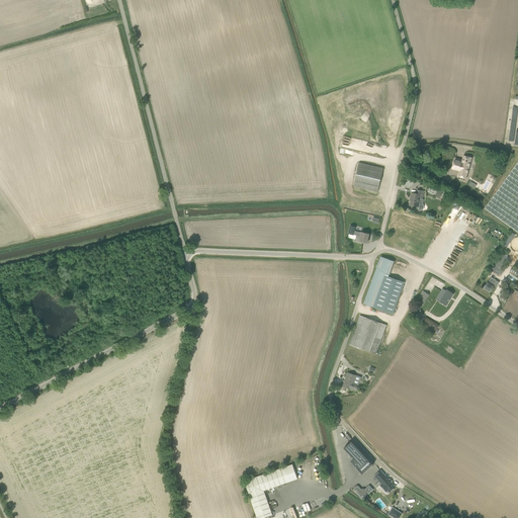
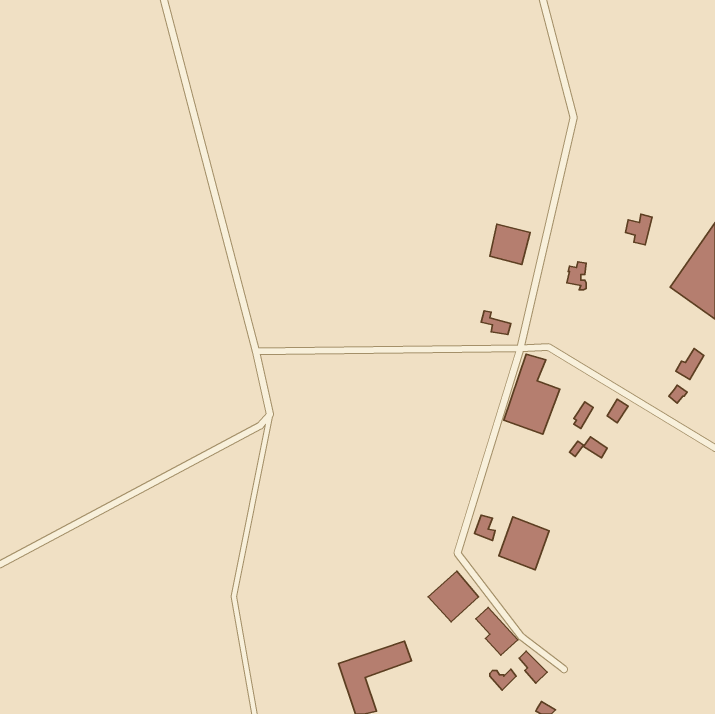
building: [350,315,386,353] -> [499,517,549,570]
building: none -> [428,571,478,622]

